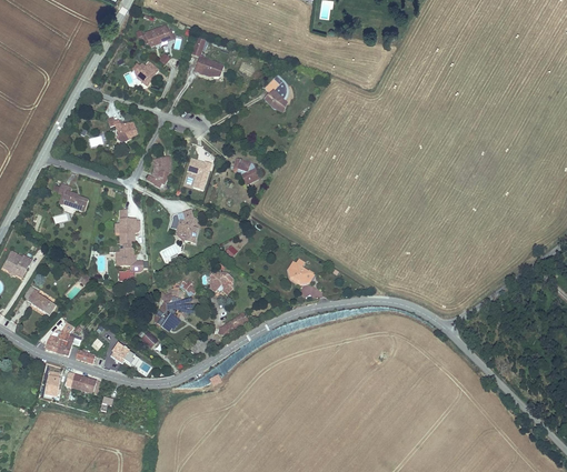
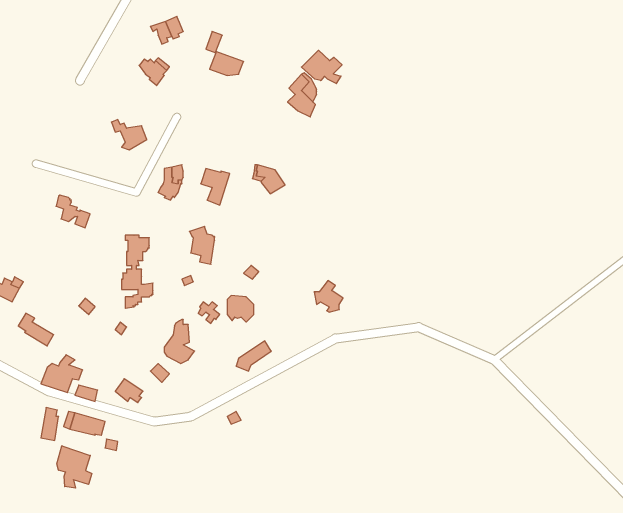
building: none -> [301,50,342,84]
building: none -> [57,446,92,488]

